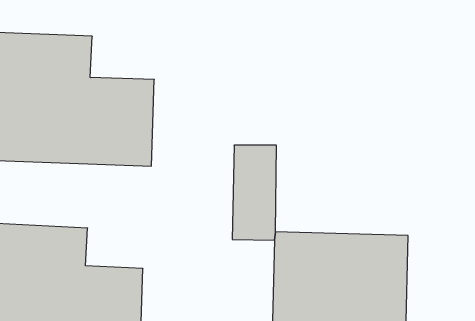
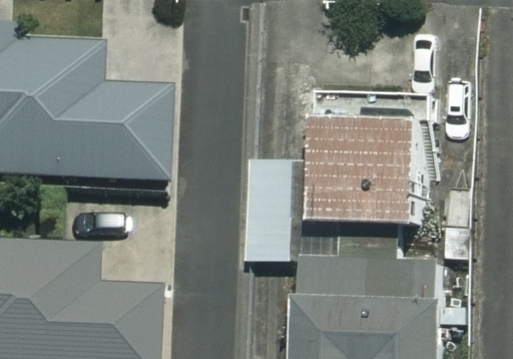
building: none -> [314,114,421,223]

